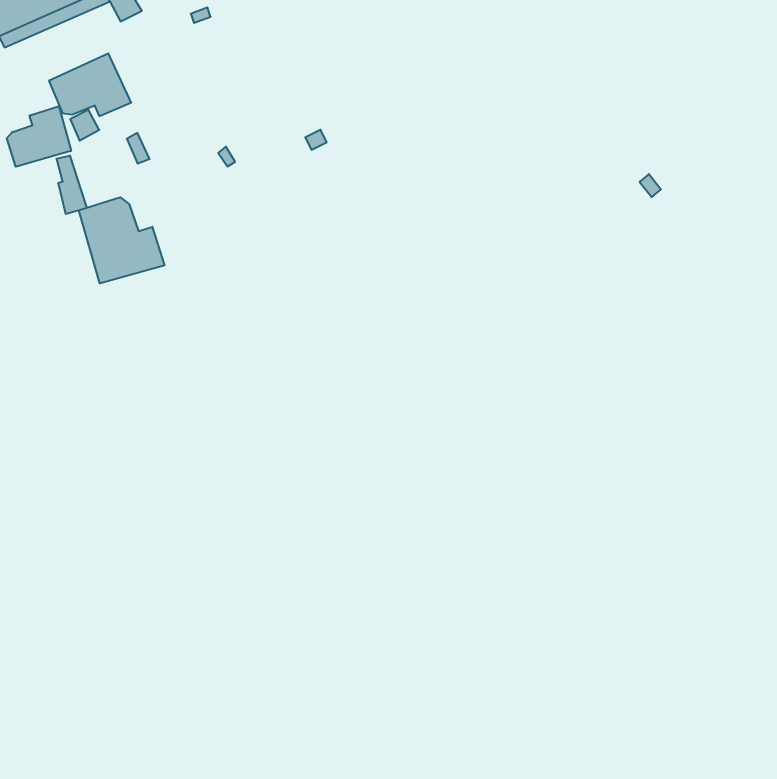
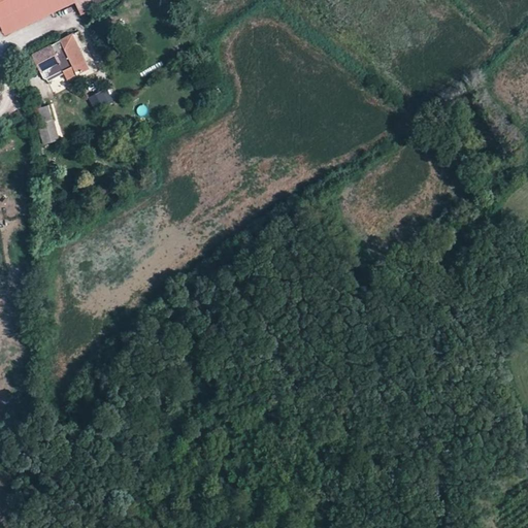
building: [7,106,71,167] -> none
building: [79,197,164,283] -> none

